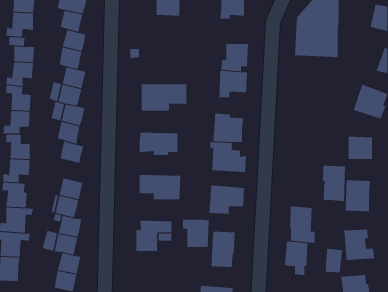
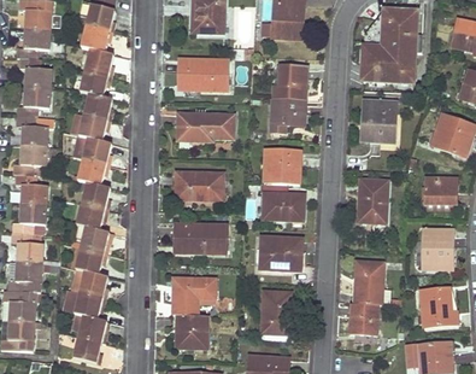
building: none -> [178,58,227,89]
building: none -> [362,99,394,141]
building: none -> [76,203,105,229]
building: [322,165,346,201] -> [357,179,386,222]
building: [182,219,210,247] -> [175,314,207,347]
building: [325,248,343,273] -> none

